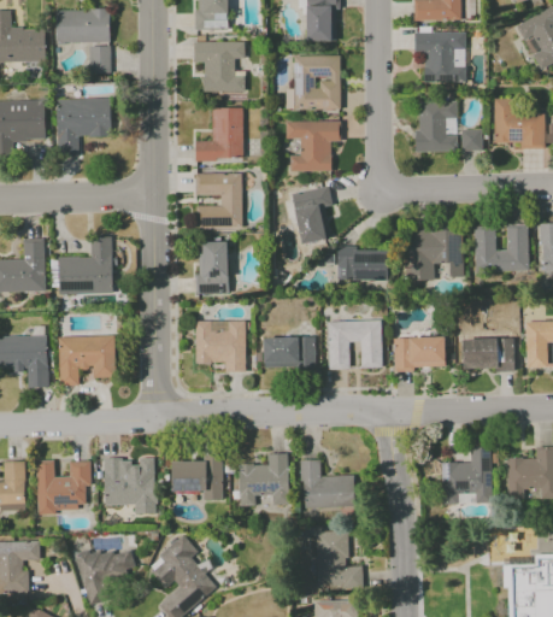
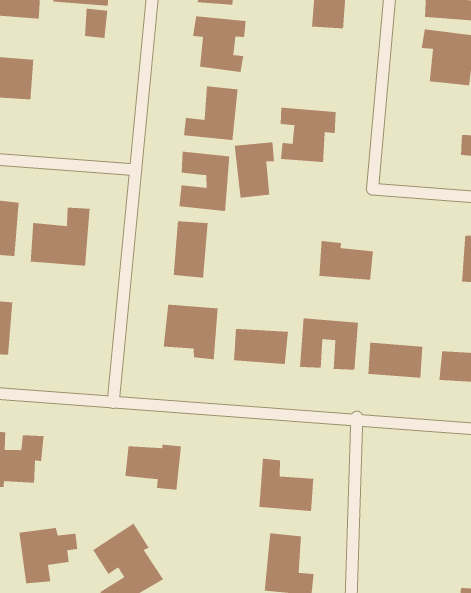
building: [293,55,340,110] -> none
building: [57,98,112,157] -> none
building: [416,101,457,152] -> none
building: [290,187,331,245] -> [234,142,275,198]
building: [405,229,463,281] -> none
building: [58,336,114,386] -> none
building: [440,448,492,504] -> none
building: [239,453,288,506] -> none
building: [104,458,155,515] -> none

